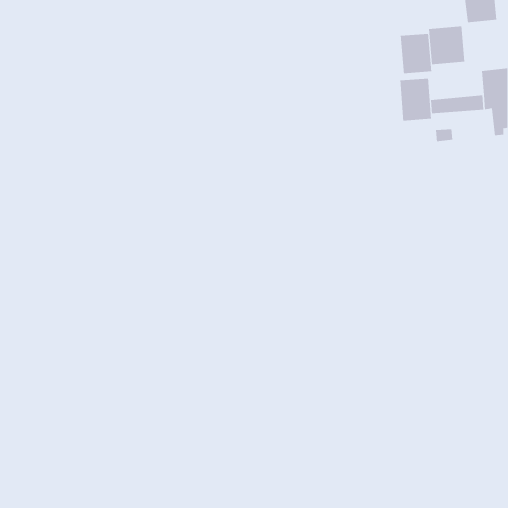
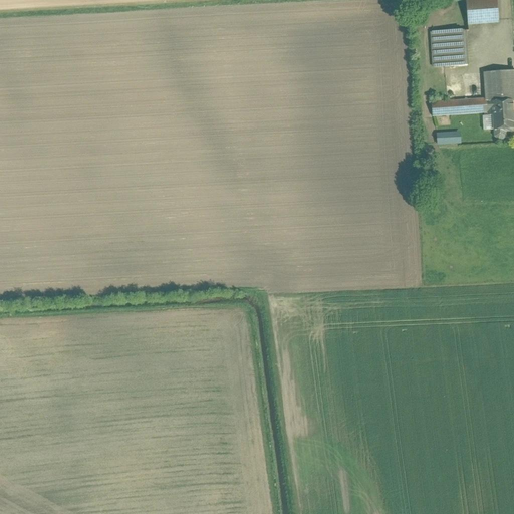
building: [400,33,432,74] -> none
building: [400,78,432,121] -> none

